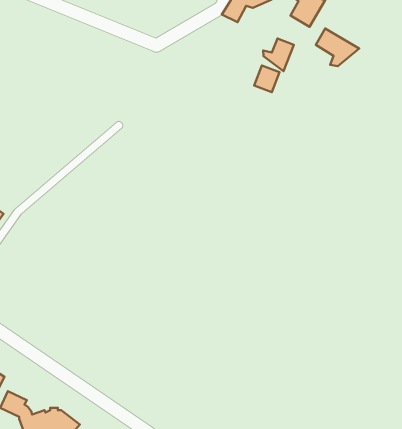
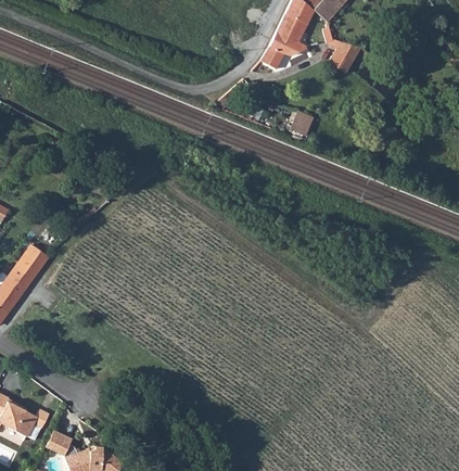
building: [316,28,359,66] -> none
building: [263,39,294,71] -> none

